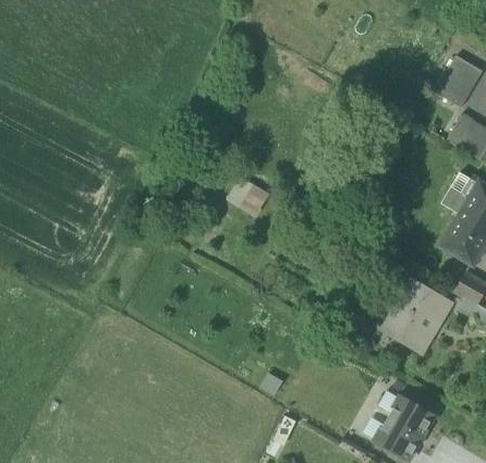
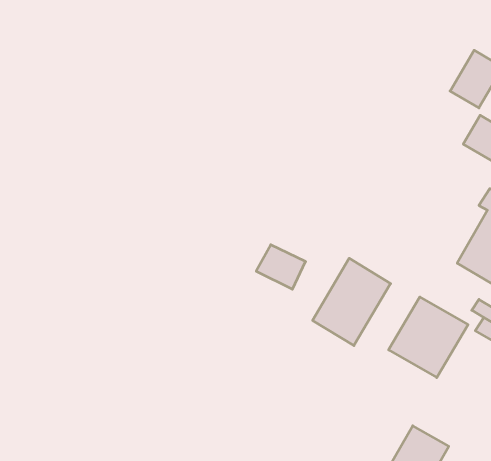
building: [227,174,271,215] -> [256,245,306,289]
building: none -> [313,258,391,346]

